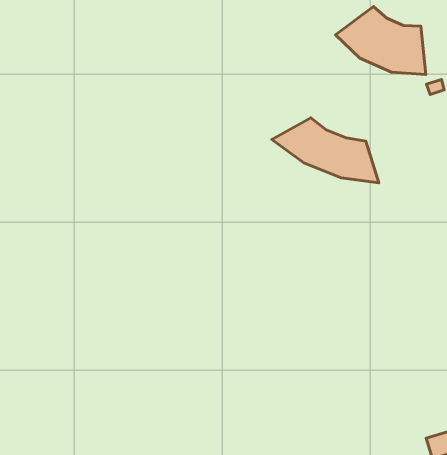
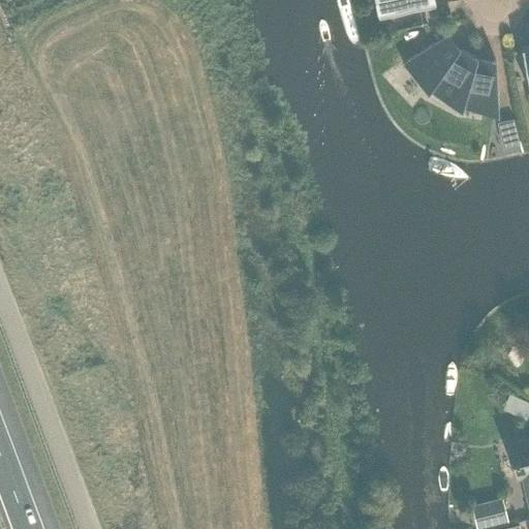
building: [272,118,379,183] -> none

